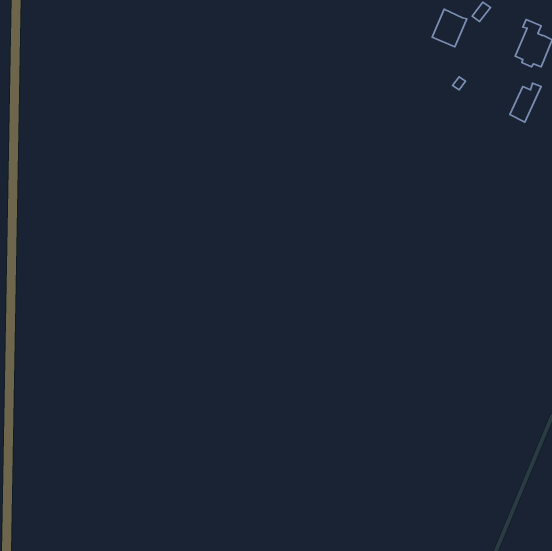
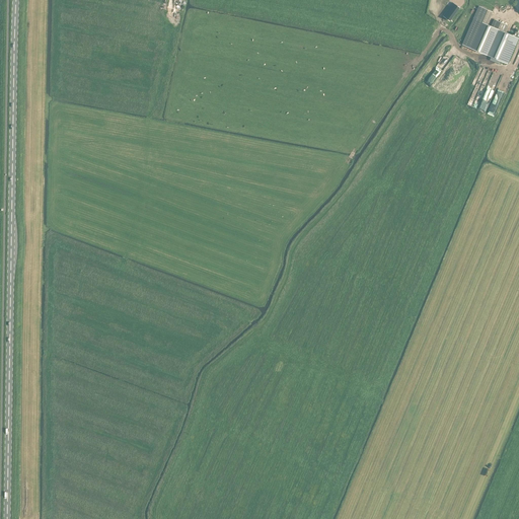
building: [432,9,467,47] -> [462,17,495,53]

